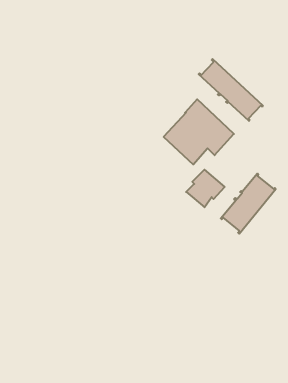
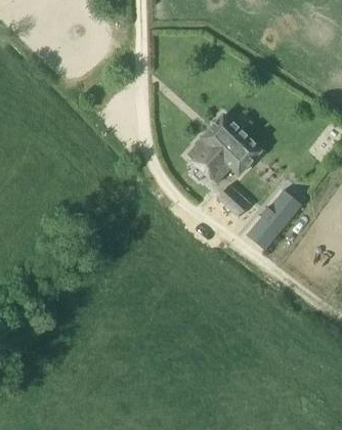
building: [199,59,263,121] -> none

